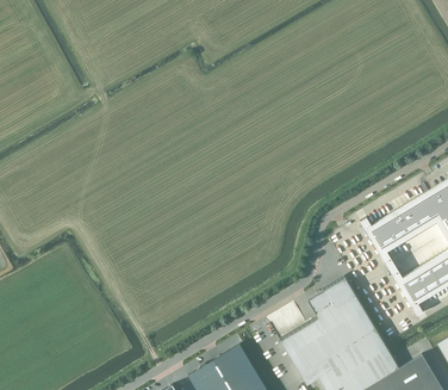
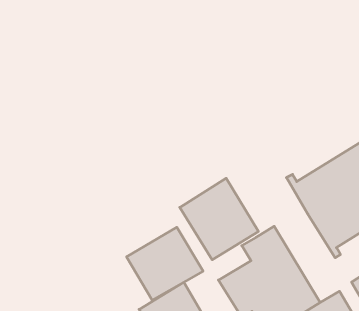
building: none -> [180,178,258,260]
building: none -> [127,227,203,300]

